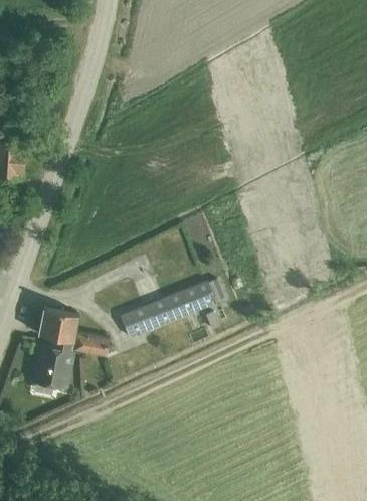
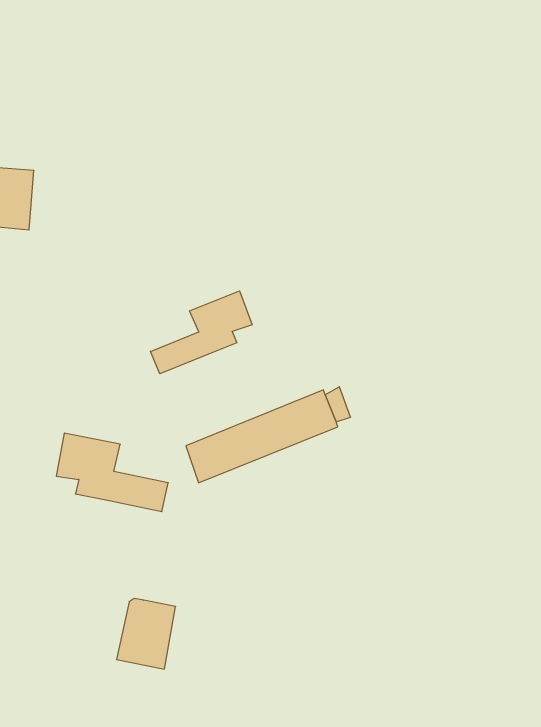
building: none -> [150,291,252,374]
building: [32,345,69,389] -> [116,599,176,669]

